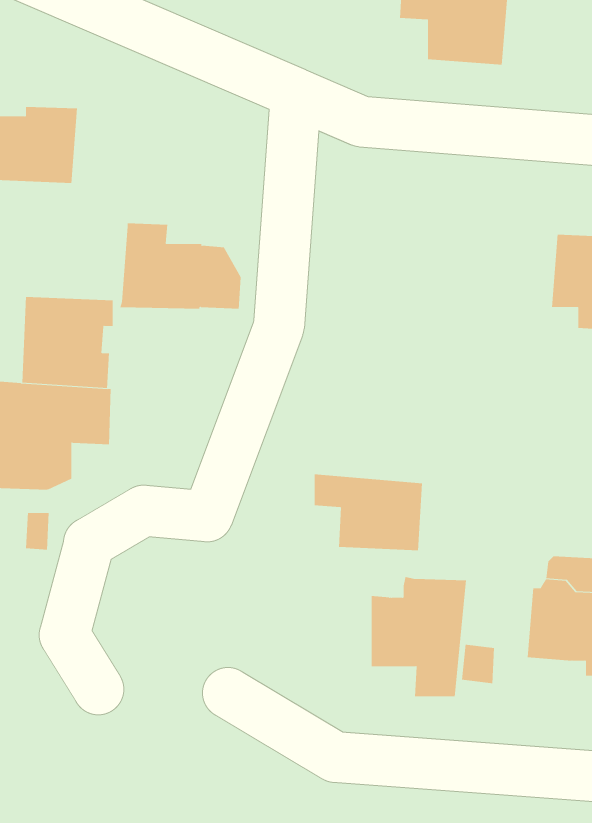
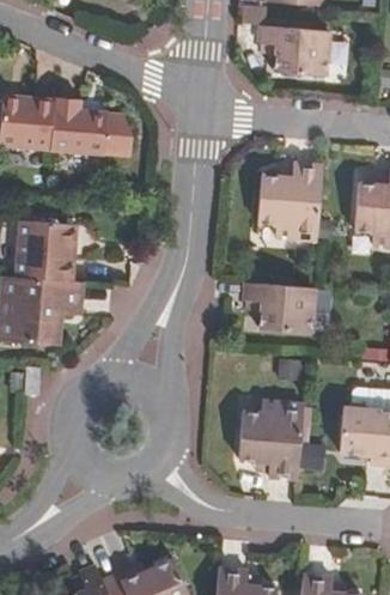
building: none -> [257,164,322,238]
building: [119,223,242,309] -> [49,101,127,156]
building: [314,474,423,551] -> [243,283,312,332]

